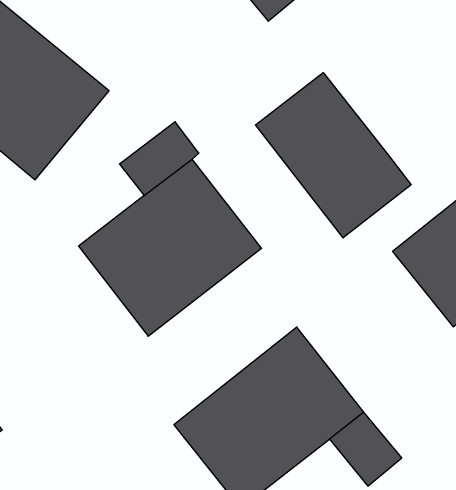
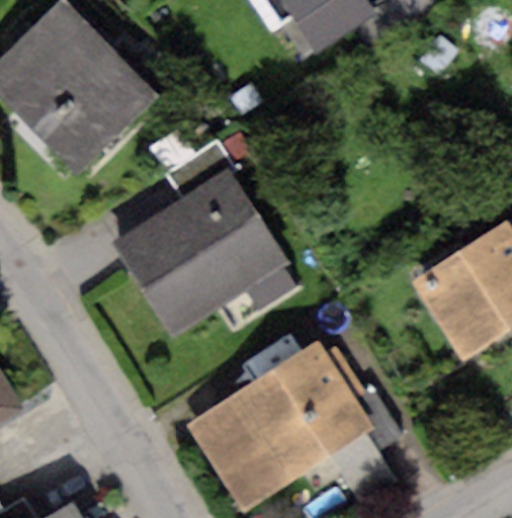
building: [255,73,411,238] -> none

